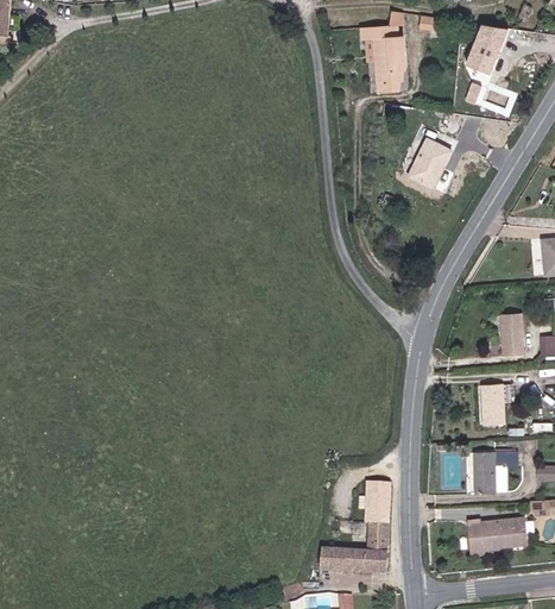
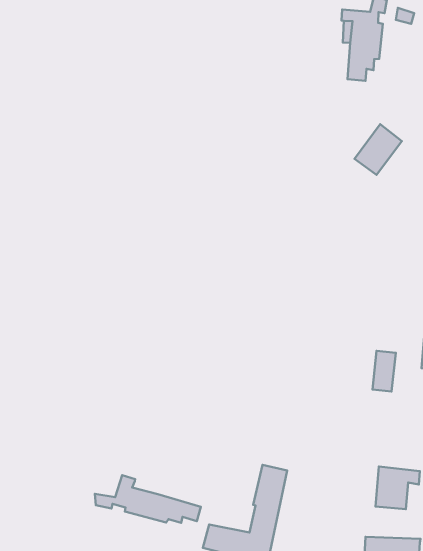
building: [484,389,505,428] -> [372,351,396,392]
building: none -> [95,475,201,523]

